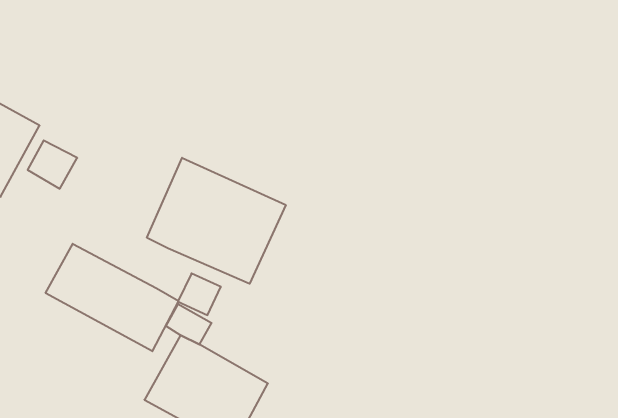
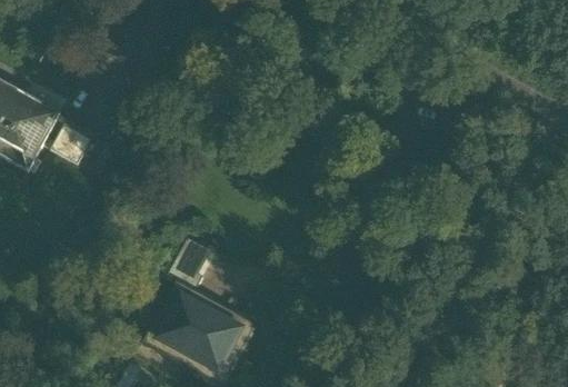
building: [147,158,286,284] -> none
building: [46,244,178,351] -> none

